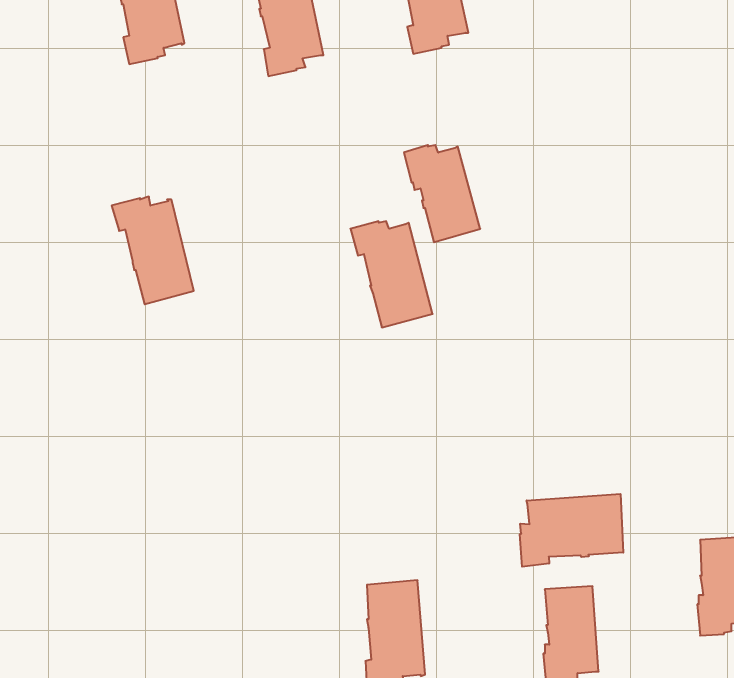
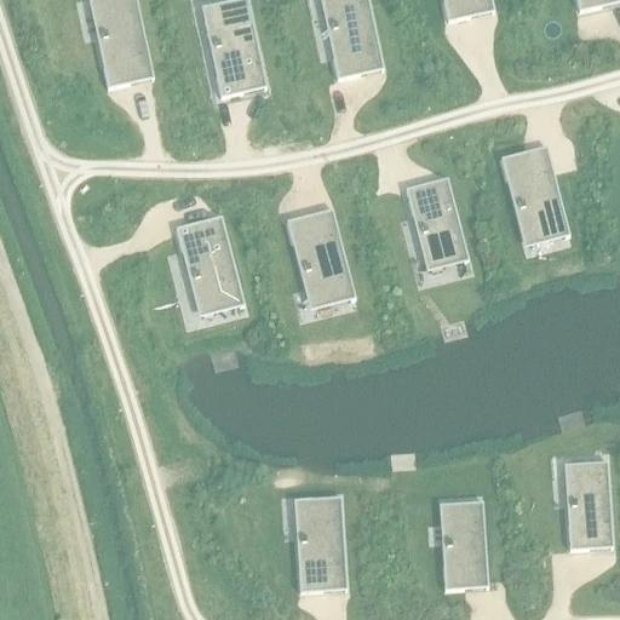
building: none -> [499,151,566,237]
building: [404,145,480,242] -> [403,183,465,262]
building: [112,197,194,304] -> [173,220,240,308]
building: [520,494,623,567] -> none

